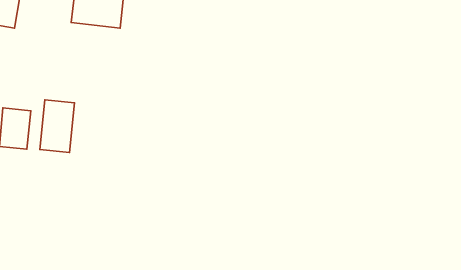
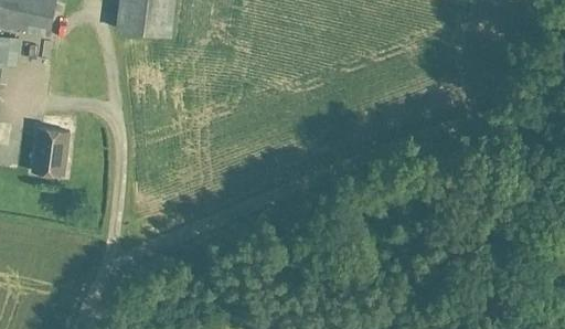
building: [40,100,74,152] -> none

